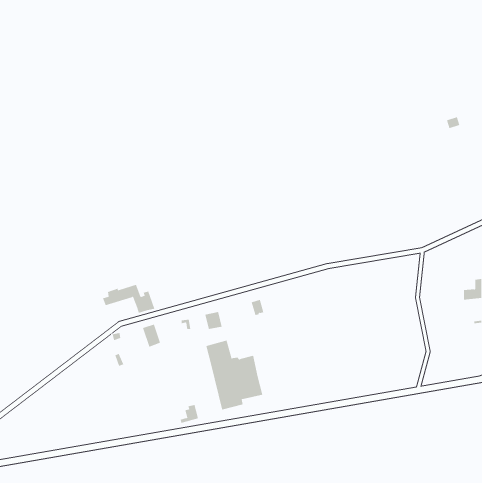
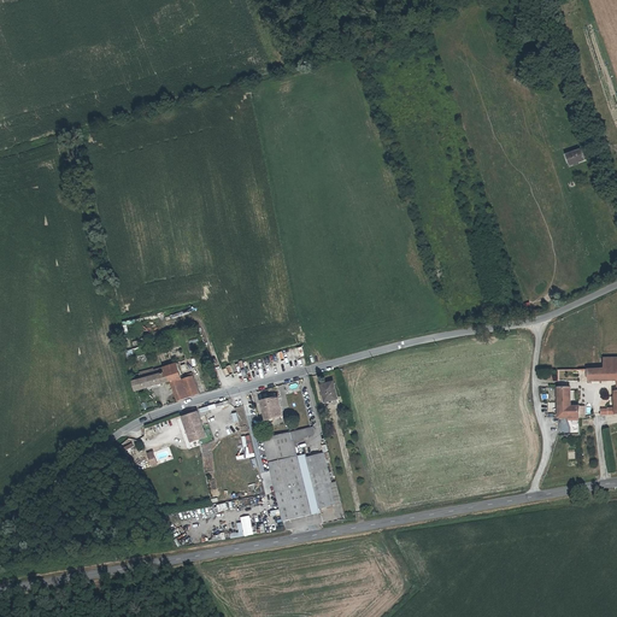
building: none -> [558,386,581,417]

